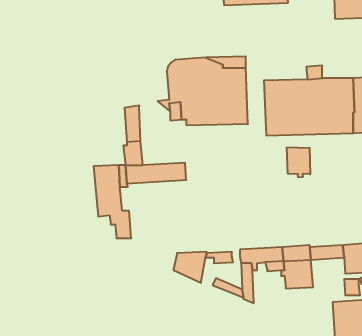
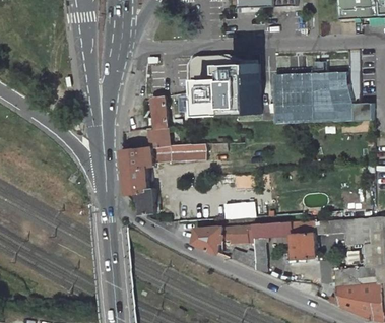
building: [287,147,310,177] -> none
building: none -> [220,201,252,219]

